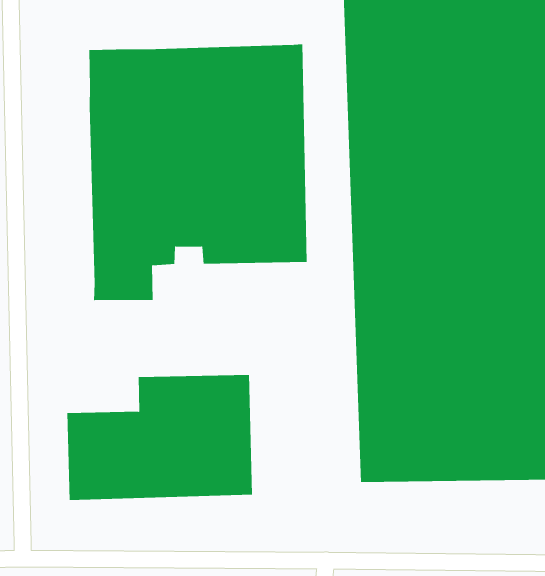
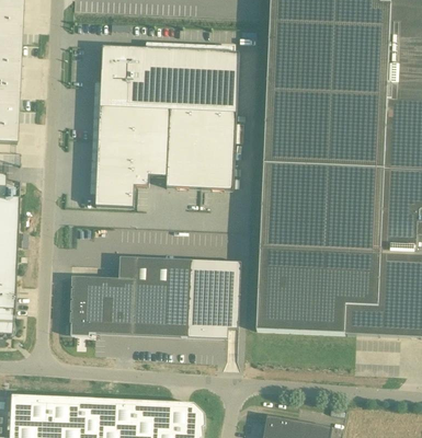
building: none -> [189,256,230,335]

